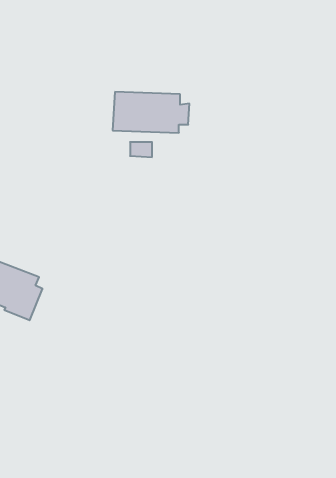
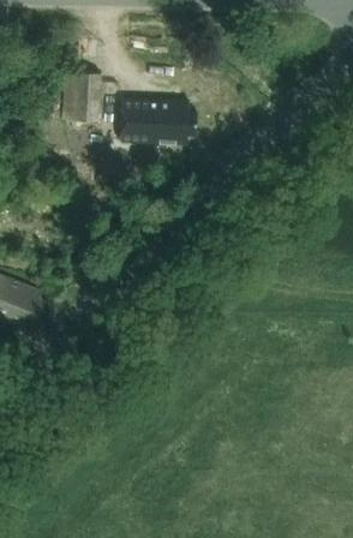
building: none -> [62,72,101,122]

